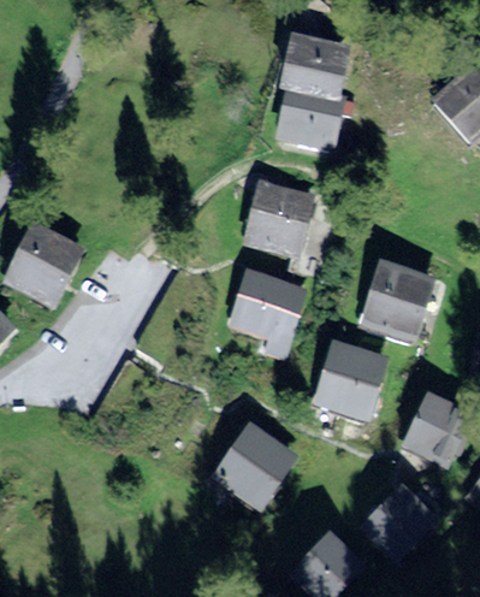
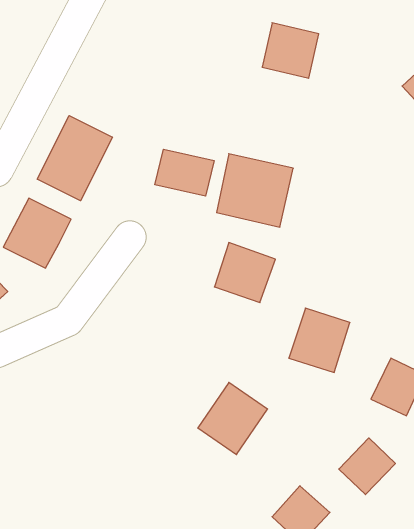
building: [277,85,338,144] -> none
building: none -> [37,116,112,201]
building: none -> [155,149,214,196]
building: [365,267,429,339] -> none

